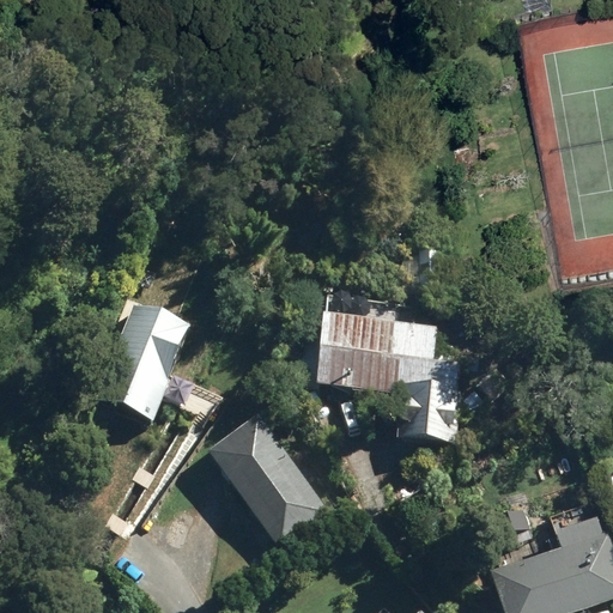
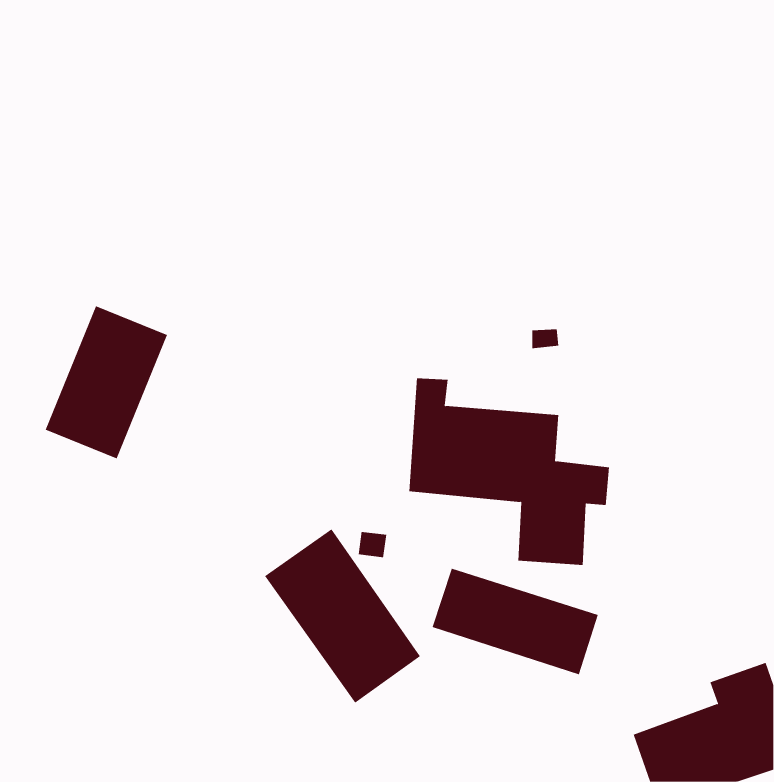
building: [98,298,194,418] -> [45,306,168,459]
building: none -> [432,568,598,675]

